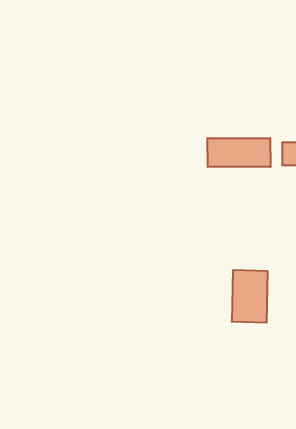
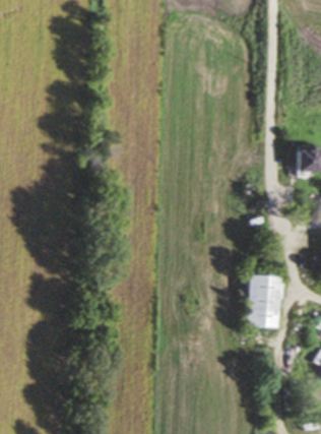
building: [207,138,271,167] -> none

